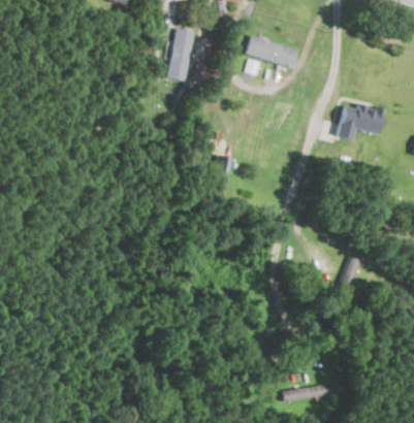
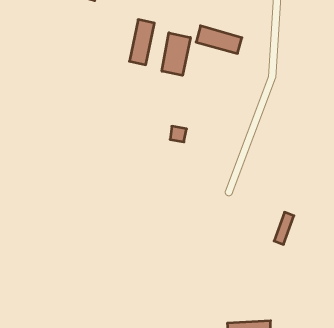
building: none -> [162,33,190,75]
building: [337,102,388,140] -> none

